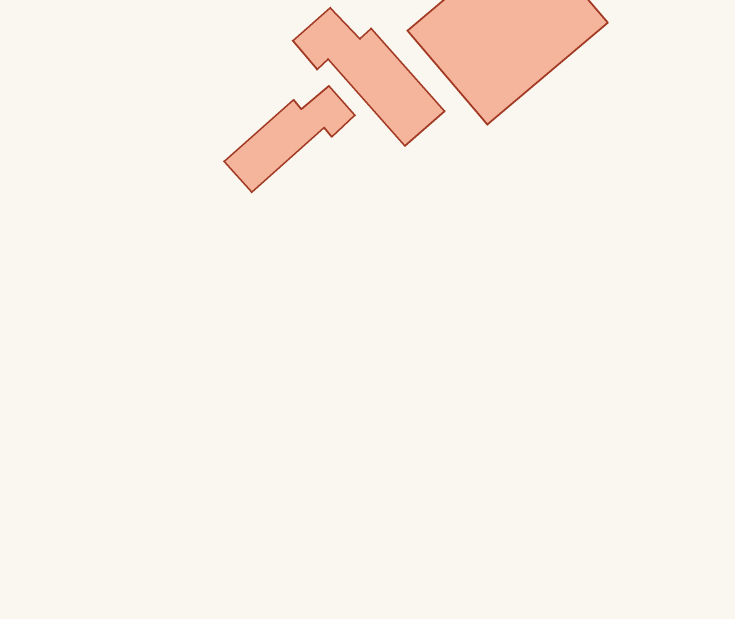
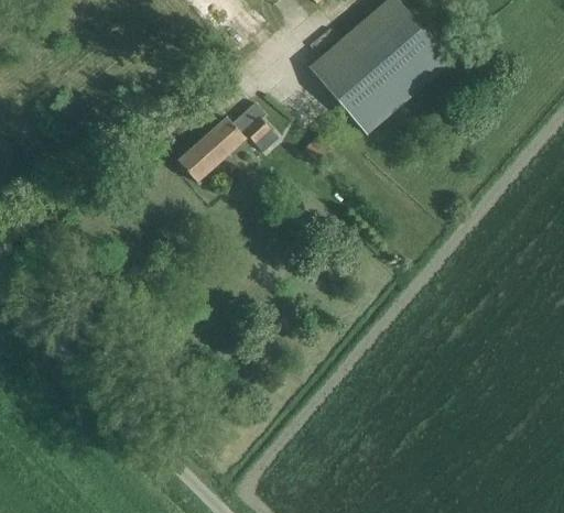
building: [293,8,445,146] -> none

